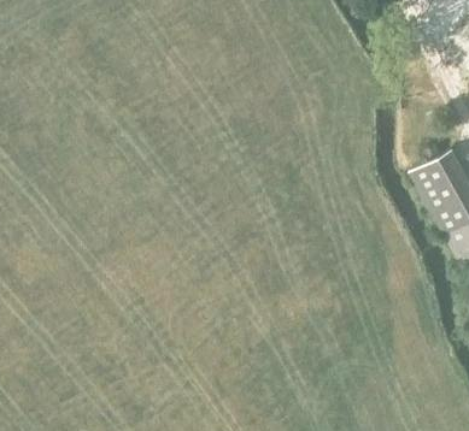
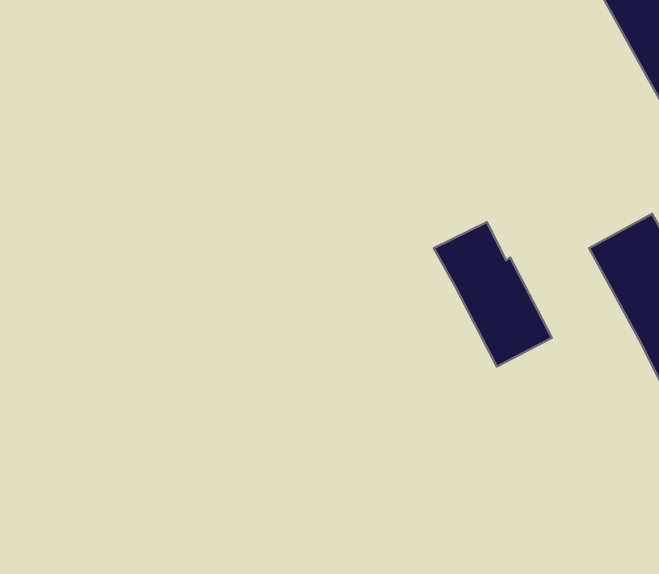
building: none -> [434,222,552,367]

